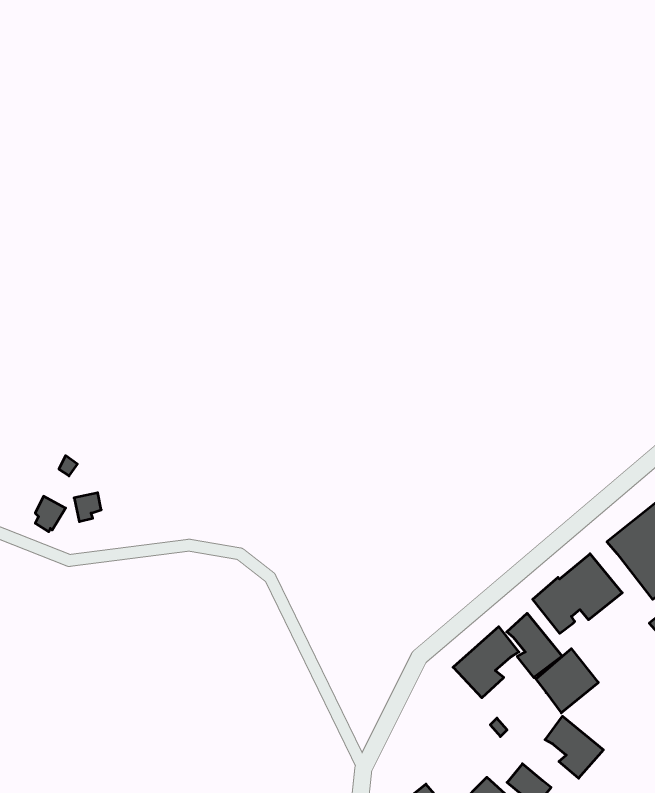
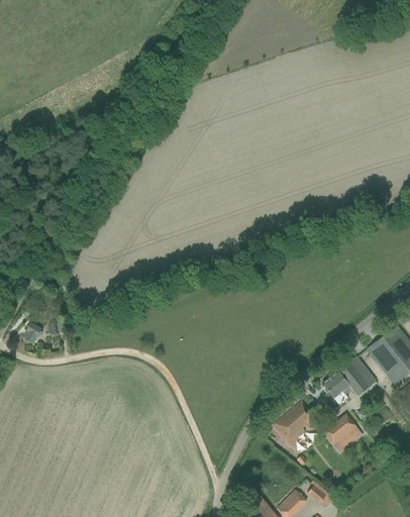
building: [507,613,562,678] -> none
building: [545,716,603,778] -> none

